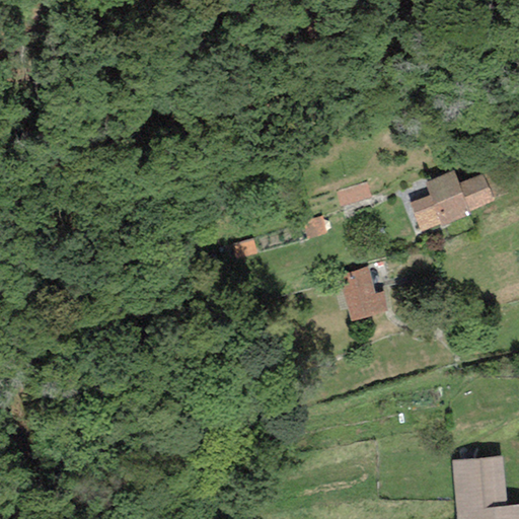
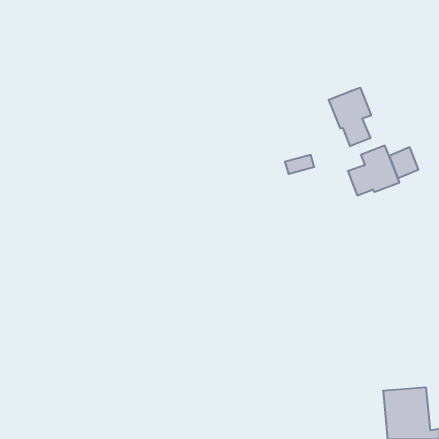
building: none -> [329,88,371,146]
building: [339,266,388,321] -> none

